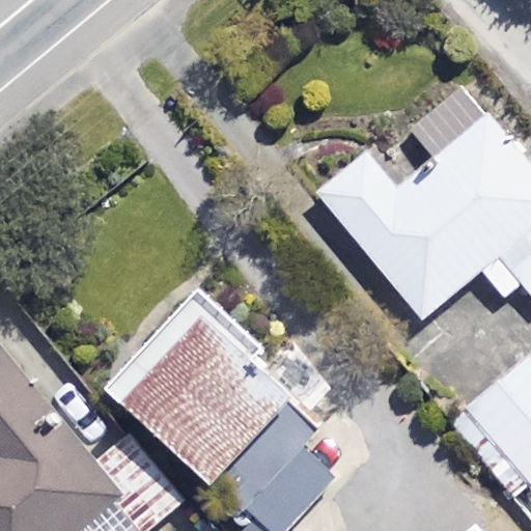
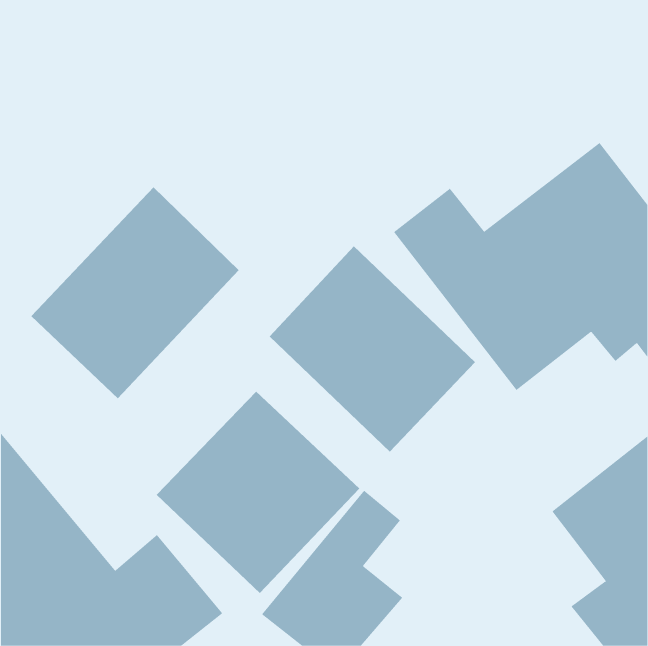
building: none -> [30,187,240,399]
building: none -> [269,246,476,453]

